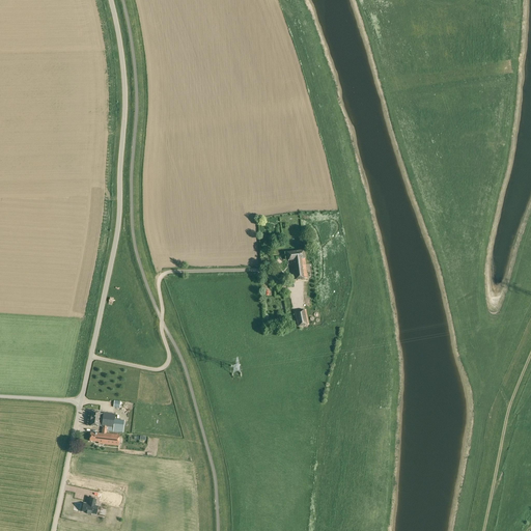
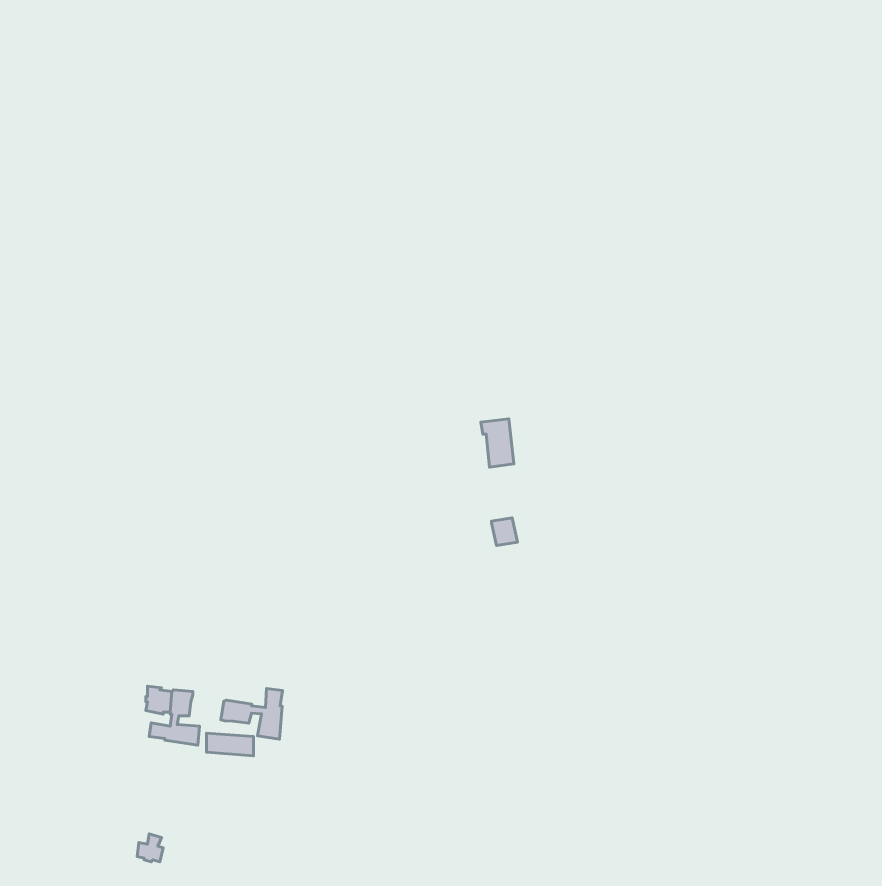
building: none -> [221,688,282,739]

